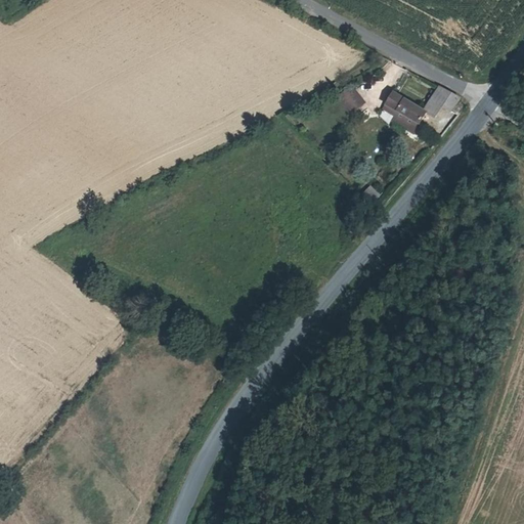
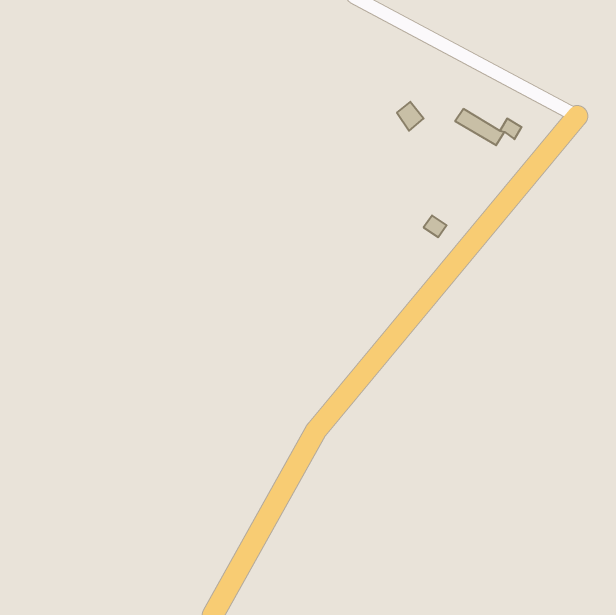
building: [429,86,458,112] -> none

